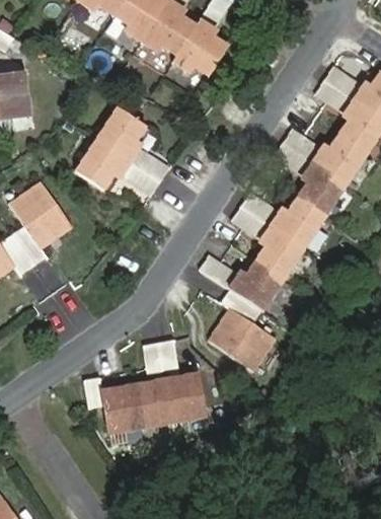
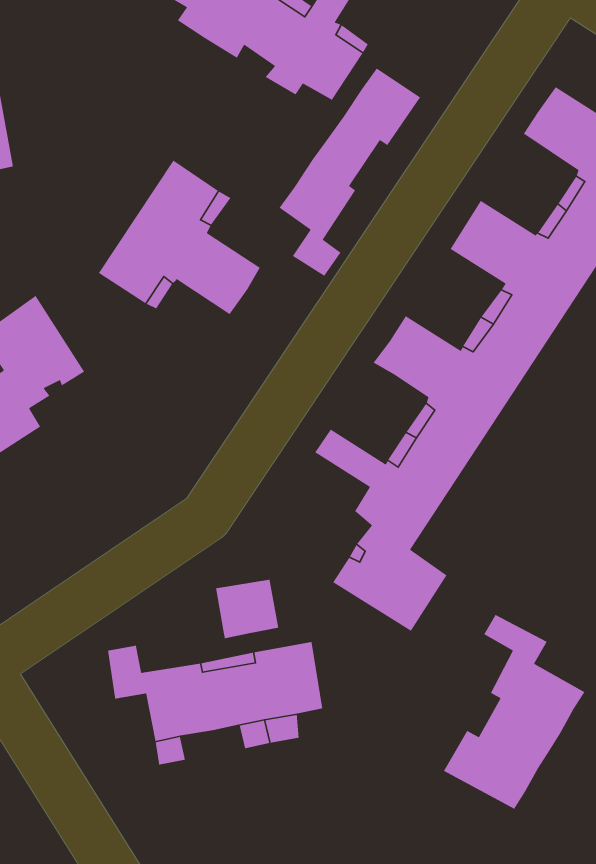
building: none -> [279,68,421,277]
building: none -> [443,614,585,810]

